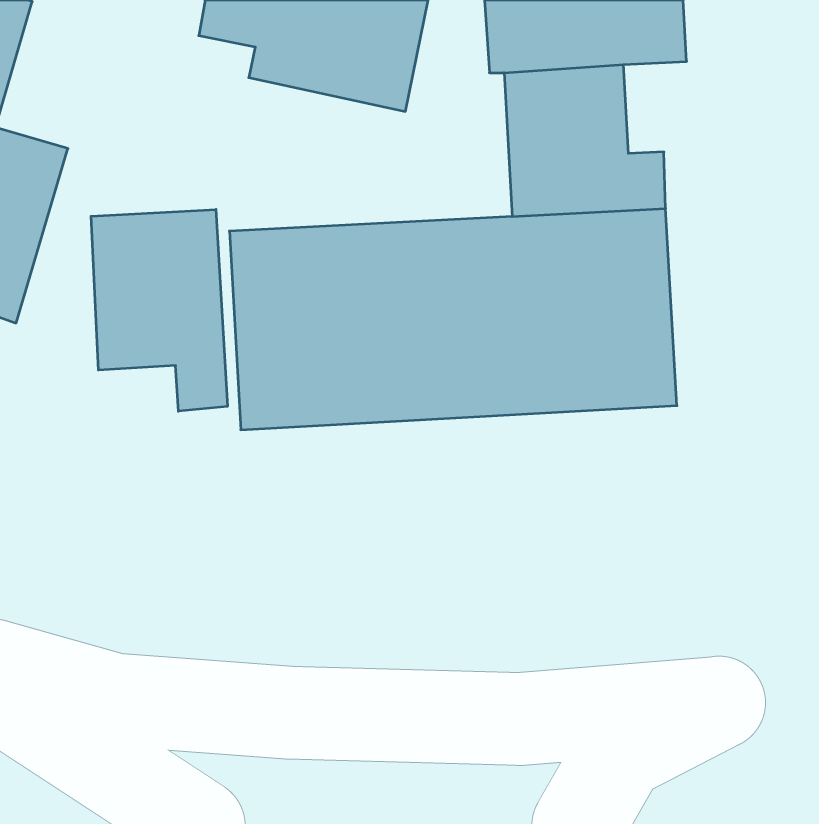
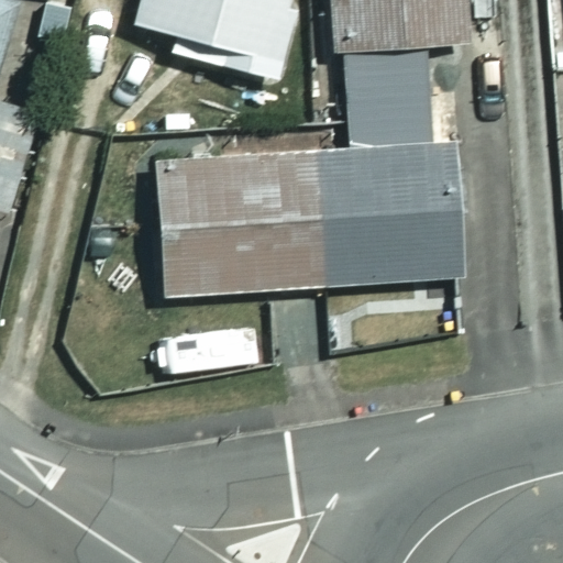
building: [91,209,227,411] -> none

